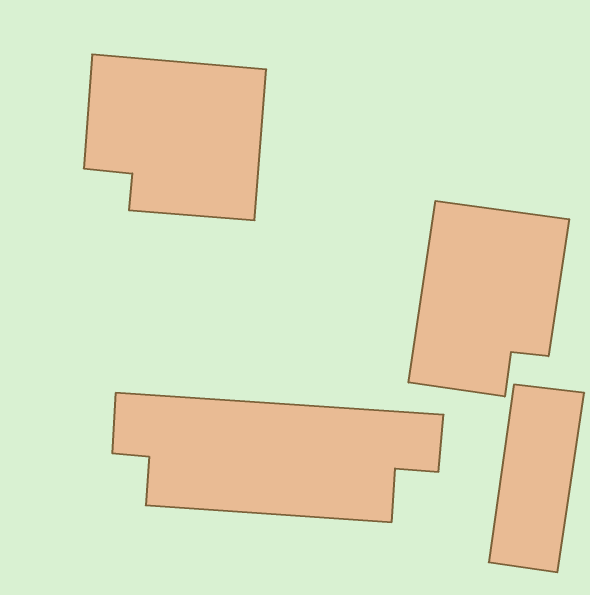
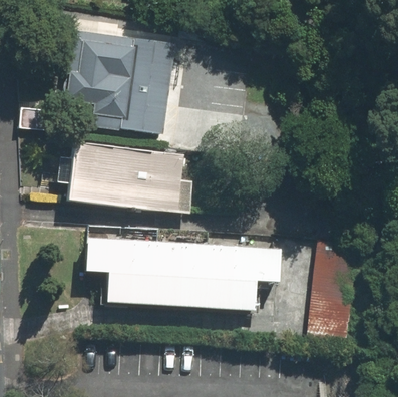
building: [409,201,569,397] -> none
building: none -> [68,142,195,213]

